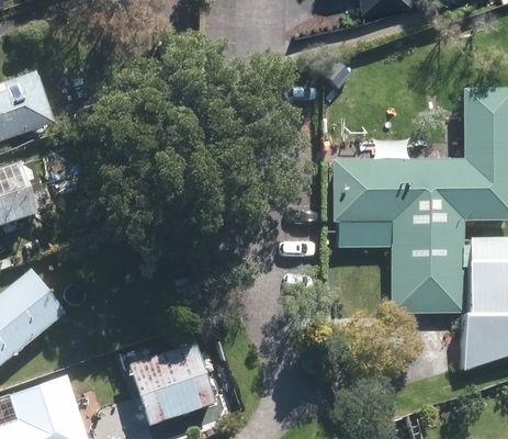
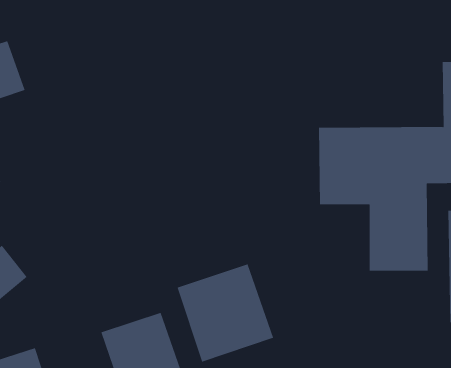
building: none -> [177,263,274,363]

